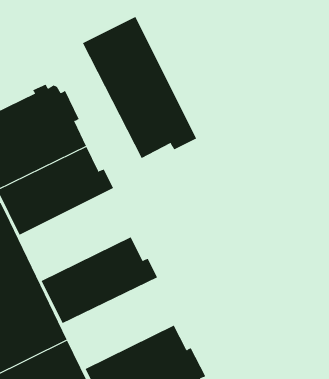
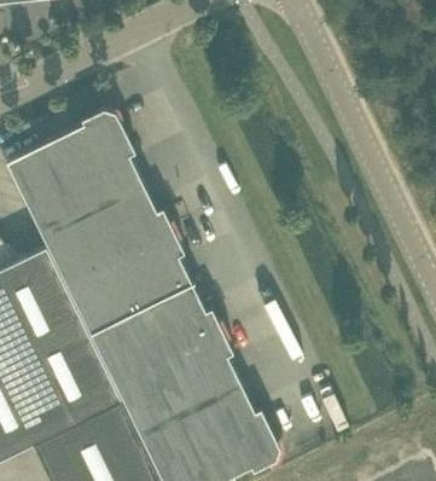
building: [82,16,197,159] -> none
building: none -> [66,232,192,336]
building: none -> [115,332,240,435]

